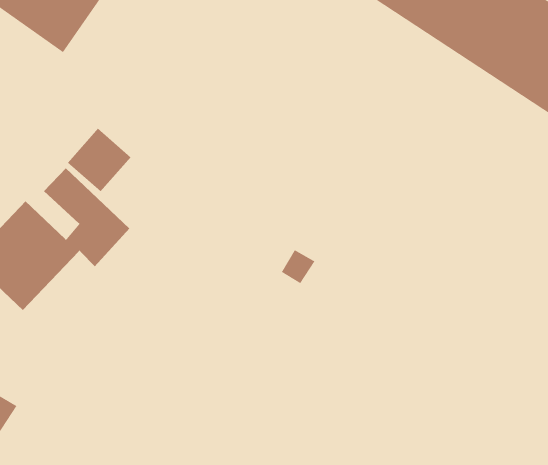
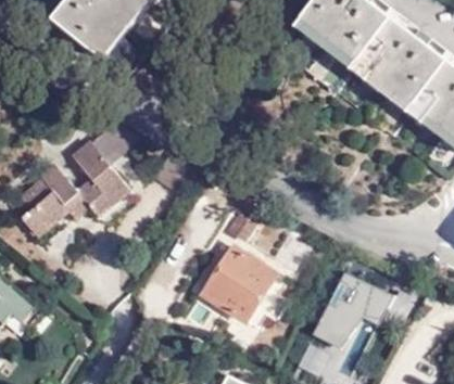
building: none -> [203,245,278,320]
building: none -> [303,266,389,364]

